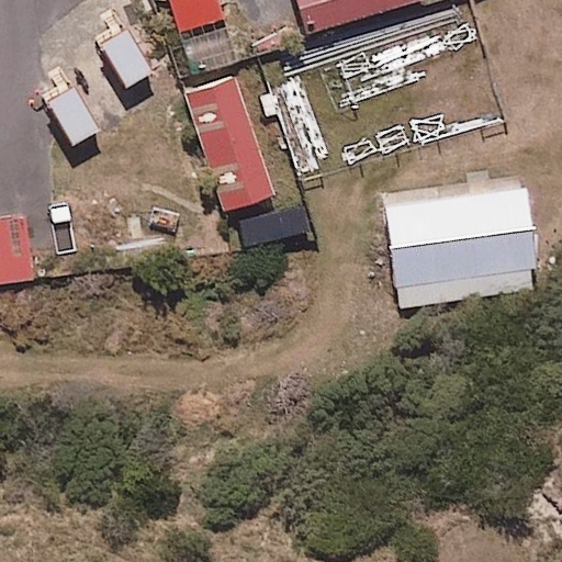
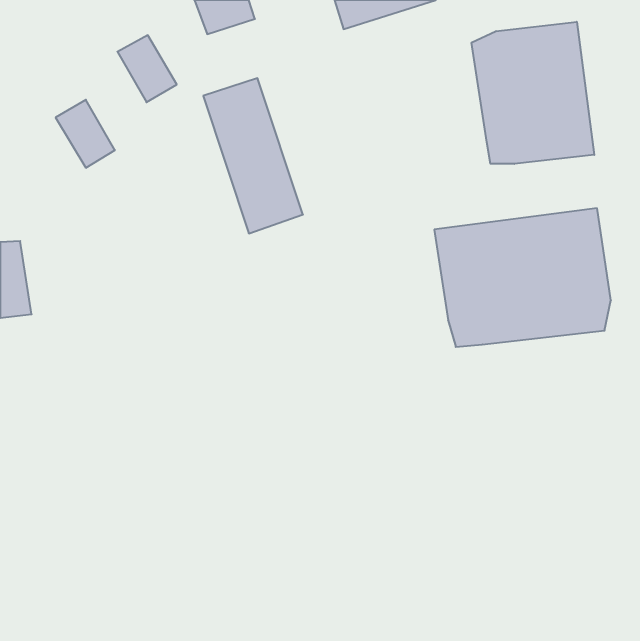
building: none -> [472,22,594,164]

